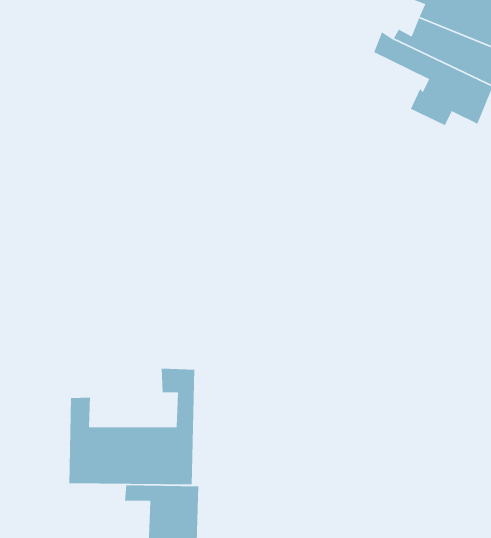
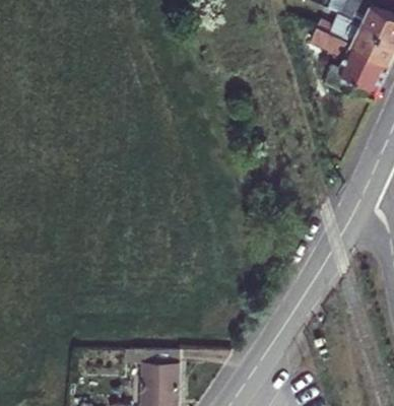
building: [69,368,195,485] -> none

